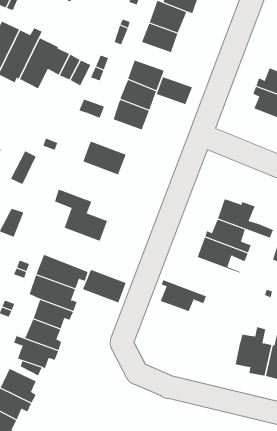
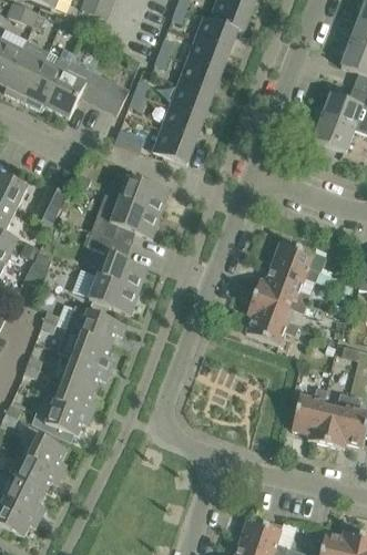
building: [156,76,193,105] -> [177,64,220,96]
building: none -> [91,194,160,243]
building: [83,269,127,303] -> [89,275,139,314]
building: [160,280,207,312] -> [245,308,298,345]

